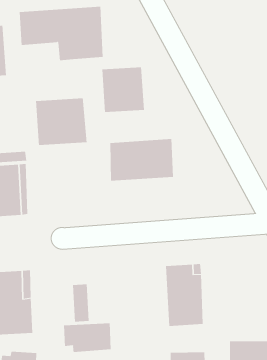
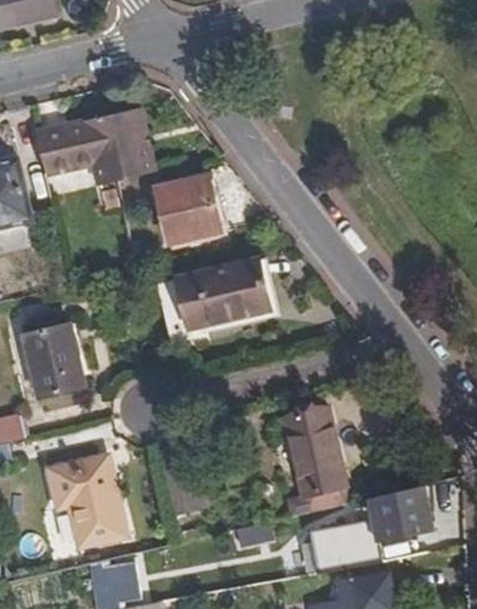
building: [36,97,87,146] -> none
building: [63,322,111,353] -> none

